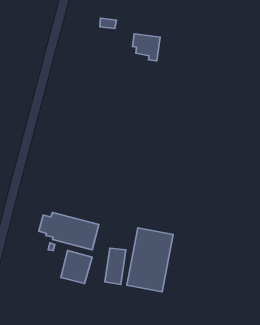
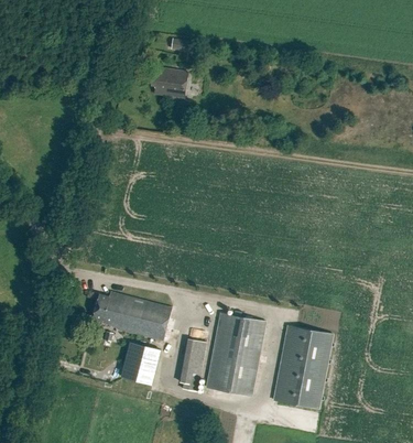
building: [132,34,160,61] -> [150,68,186,104]
building: none -> [273,325,334,409]

